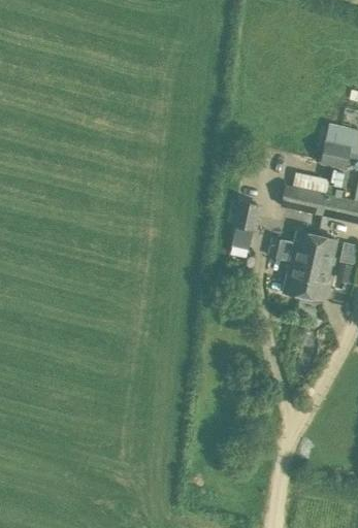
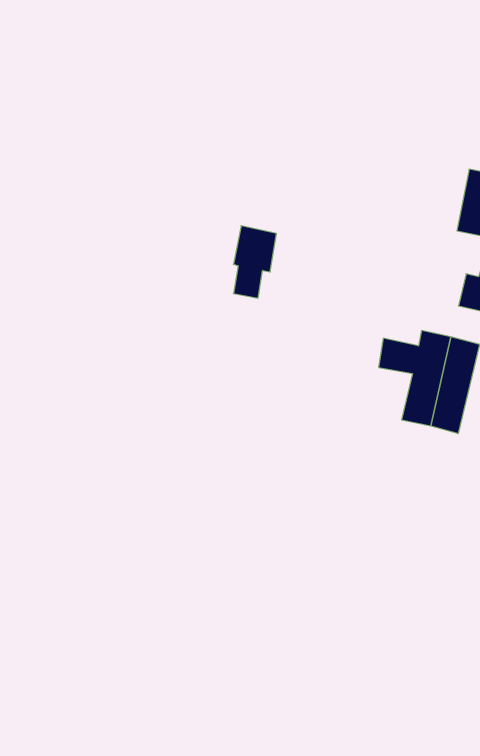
building: [281,183,326,213] -> none
building: [232,198,261,246] -> [233,226,276,298]

